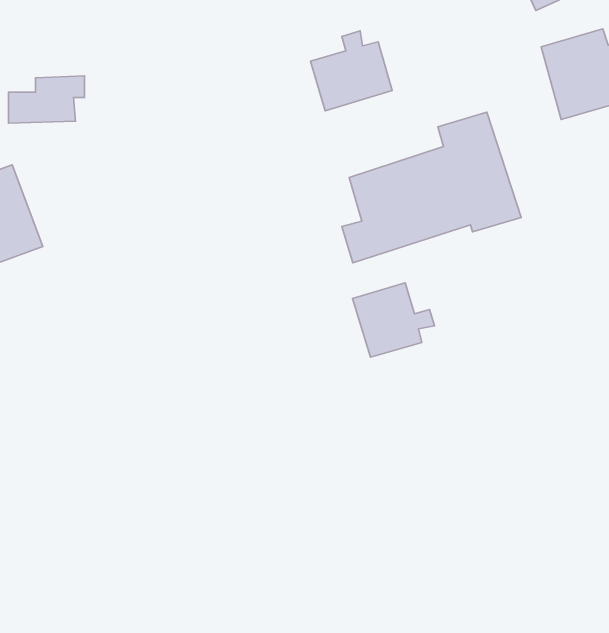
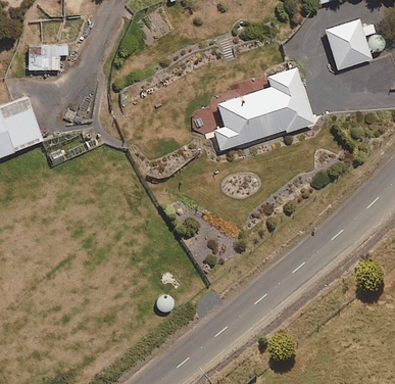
building: [310,31,392,111] -> none
building: [352,283,435,357] -> none

